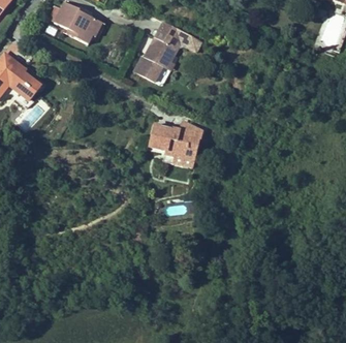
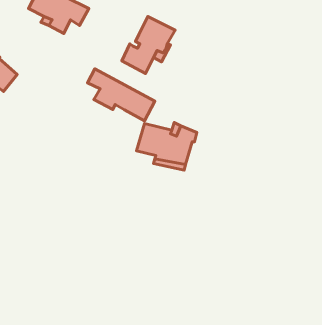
building: none -> [88,69,155,121]

